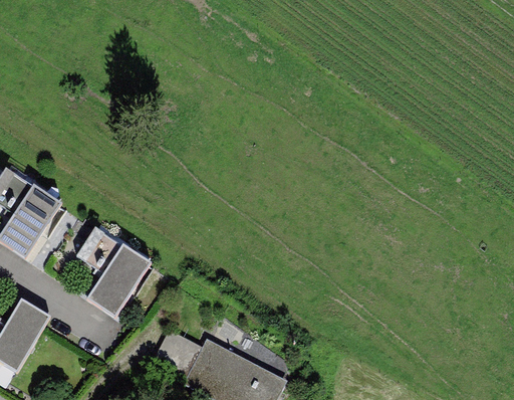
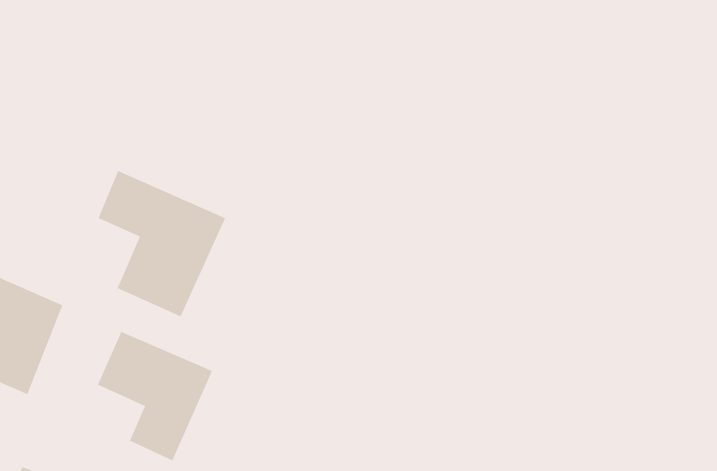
building: none -> [98,170,226,317]

